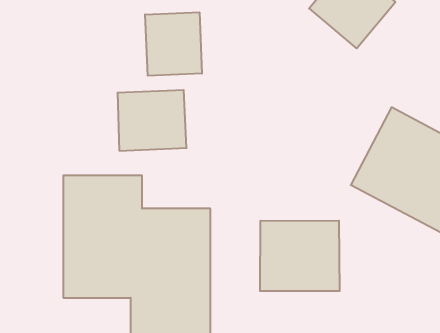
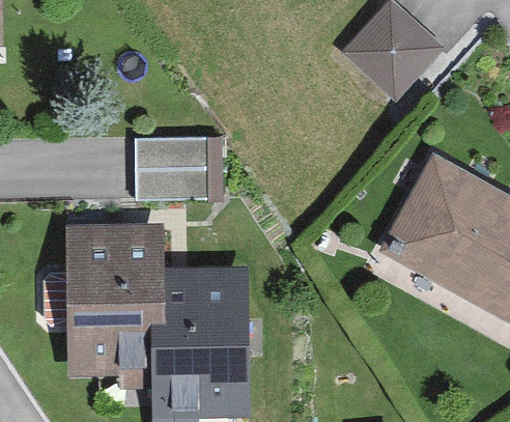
building: [145,12,202,76] -> none
building: [260,221,340,291] -> none

